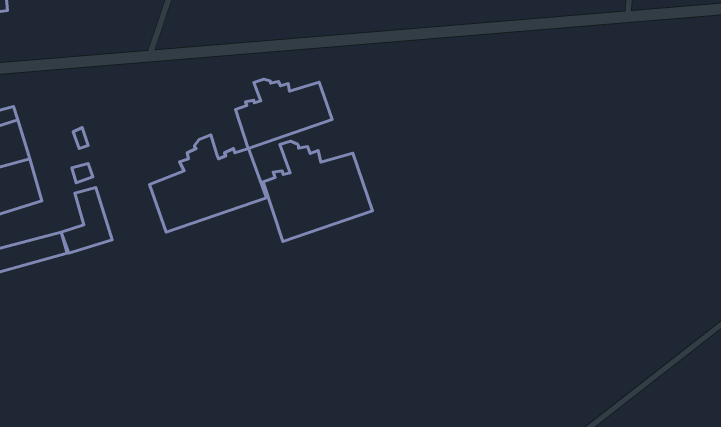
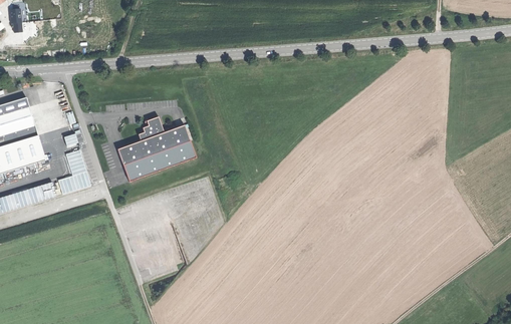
building: [236,79,332,148] -> none
building: [263,141,373,242] -> none

